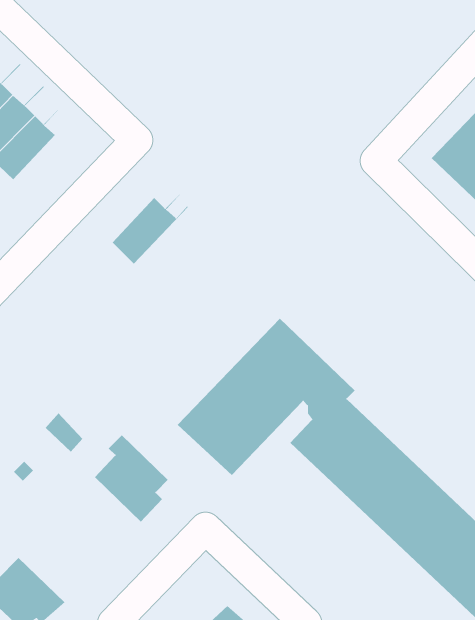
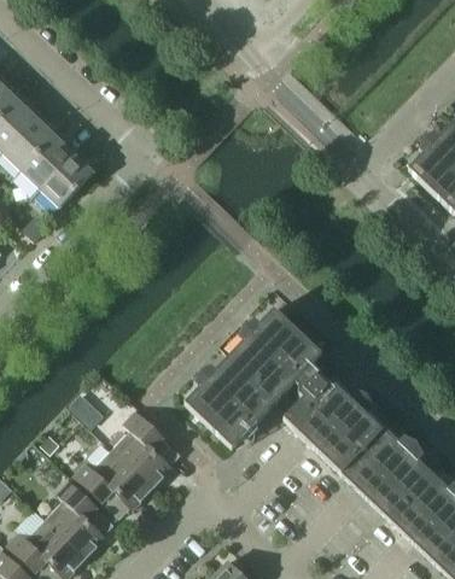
building: [112,189,189,265] -> [41,140,109,206]
building: none -> [75,448,153,514]
building: none -> [46,480,111,557]

